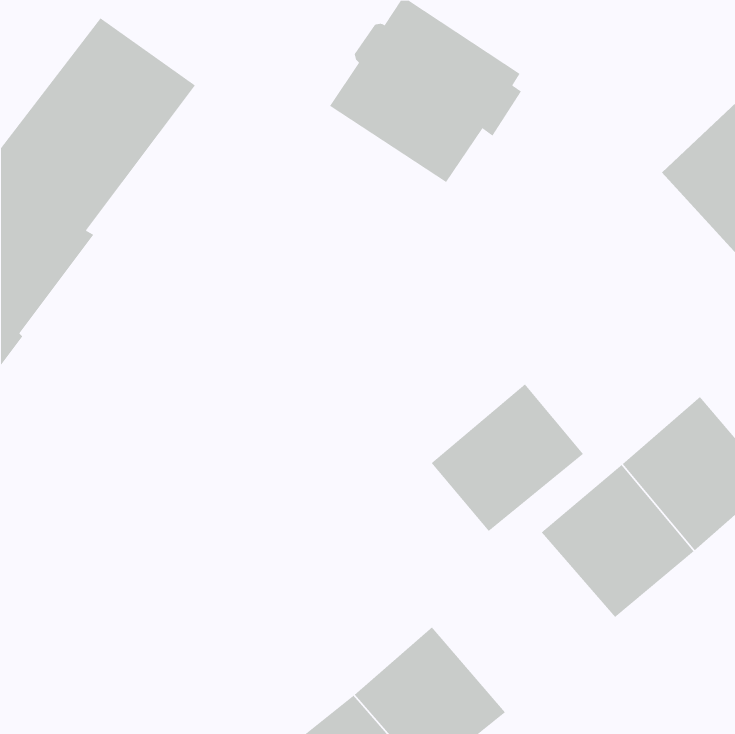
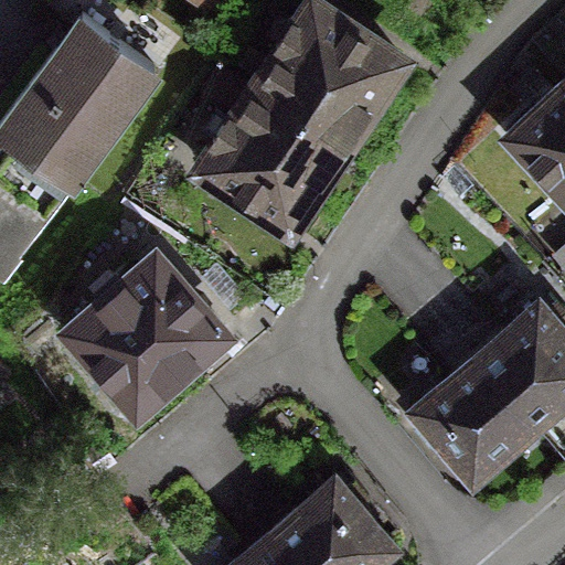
building: none -> [200,86,344,228]
building: none -> [71,258,220,406]
building: [431,384,584,532] -> none

